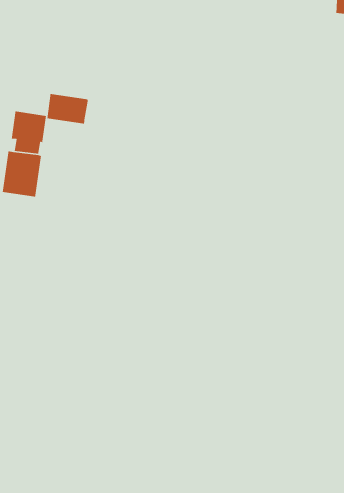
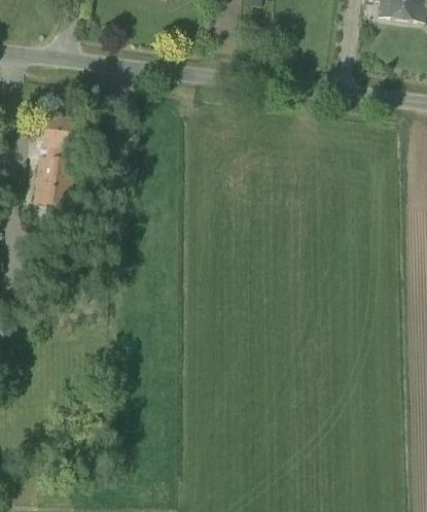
building: [46,93,88,124] -> none

